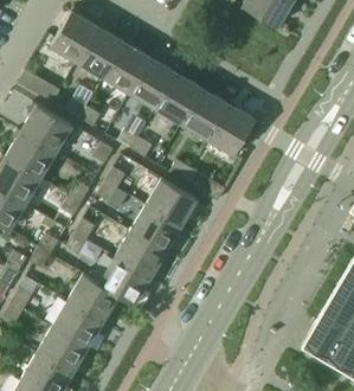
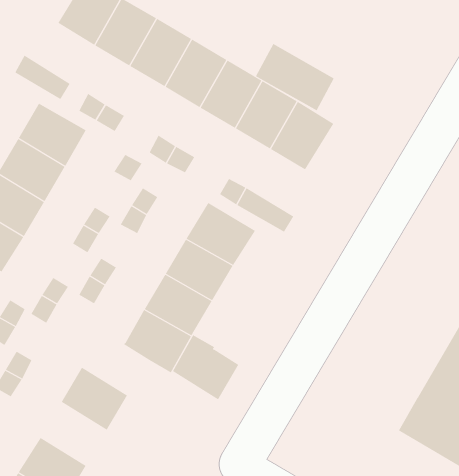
building: none -> [255,43,335,111]
building: [67,274,117,322] -> [172,335,239,400]
building: [37,327,86,374] -> none

